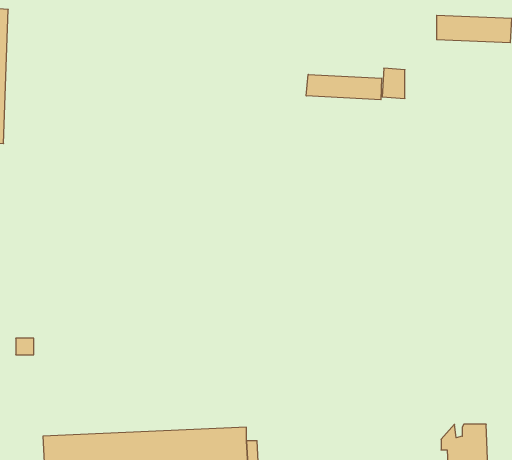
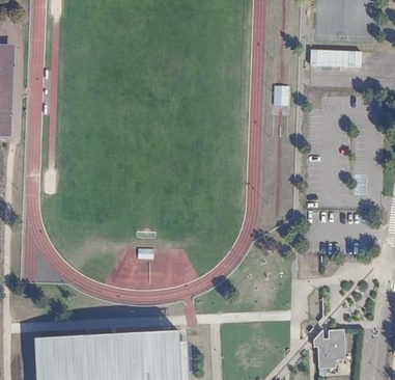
building: [306,74,382,100] -> none

